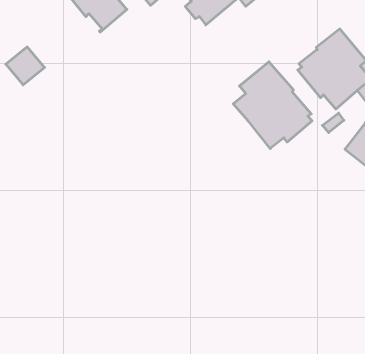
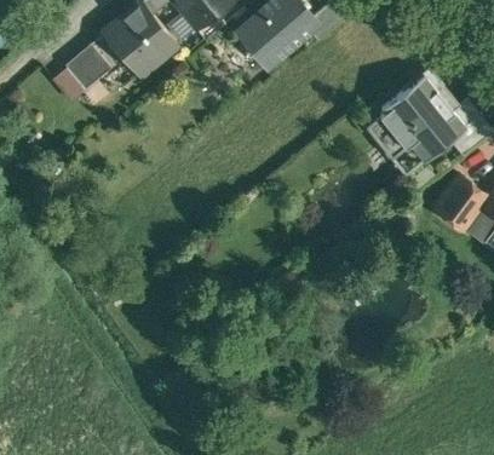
building: [6,47,45,85] -> [63,45,109,90]
building: [233,62,312,149] -> none

